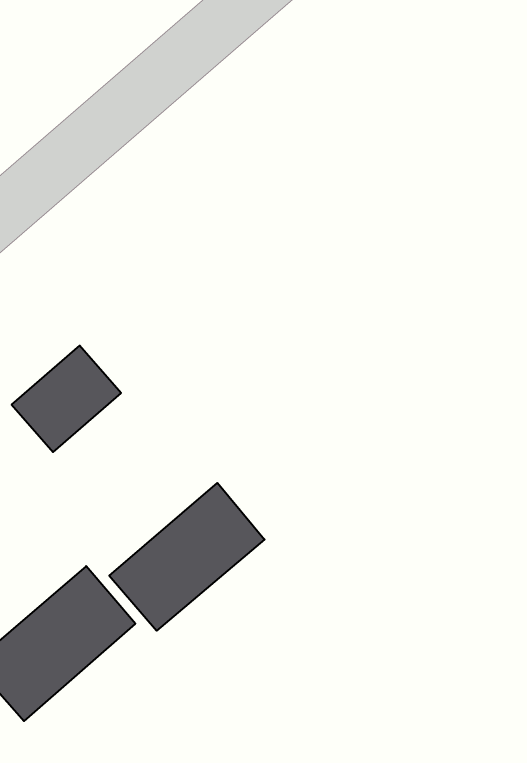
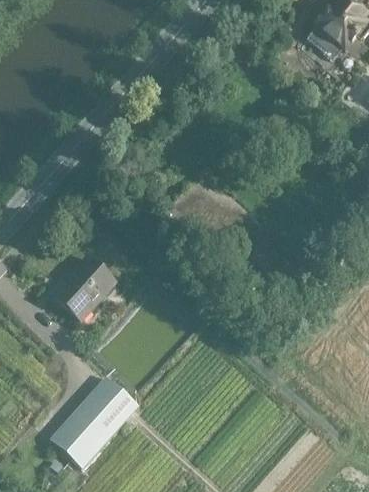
building: [109,483,265,631] -> none

